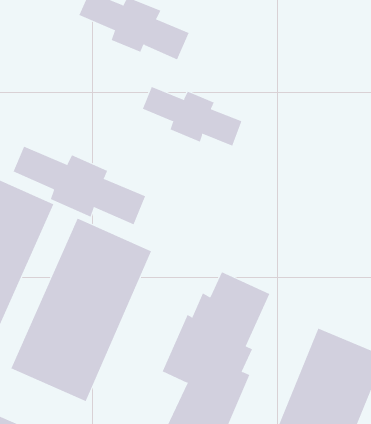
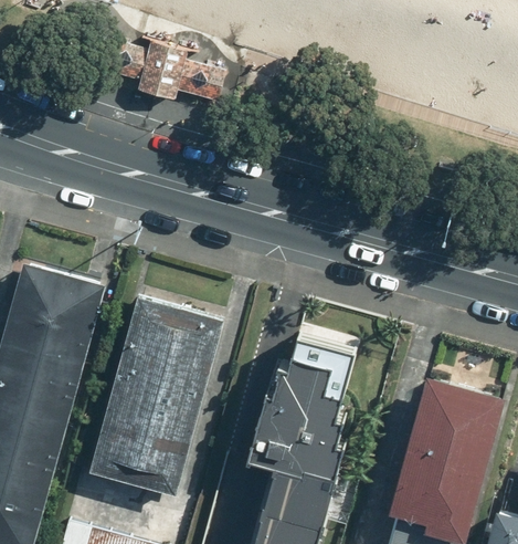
building: [142,86,242,146] -> none
building: [13,146,146,225] -> none

